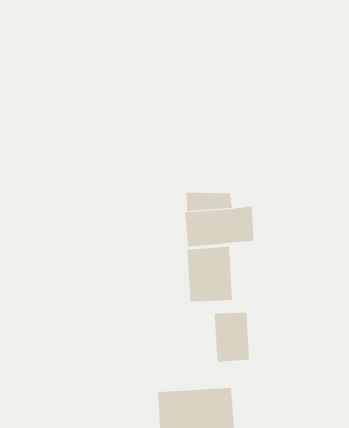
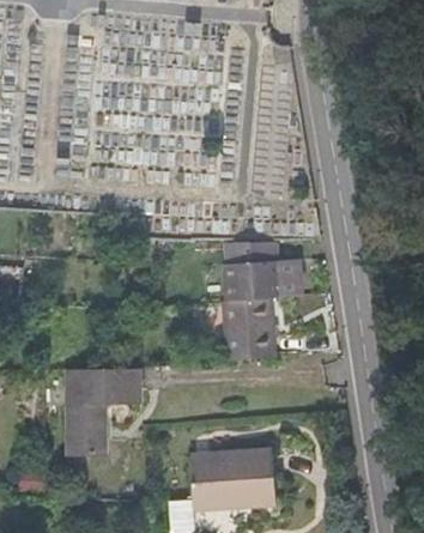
building: none -> [66,367,135,455]
building: [214,312,250,362] -> none

